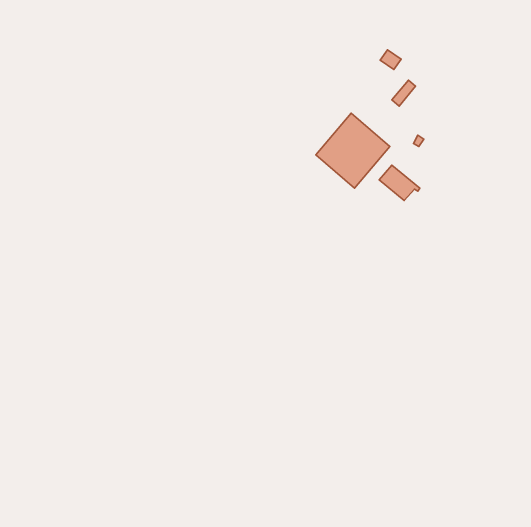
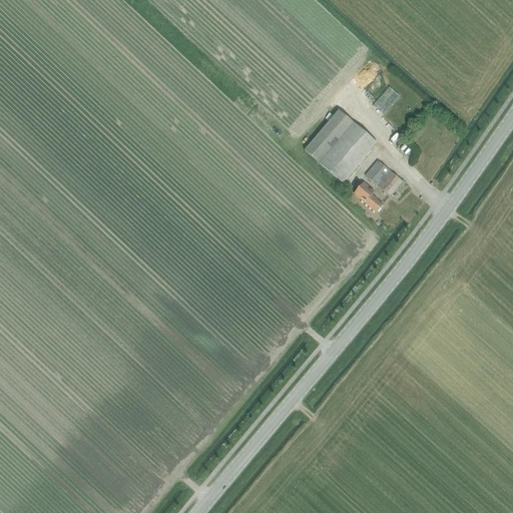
building: none -> [354,179,383,210]

